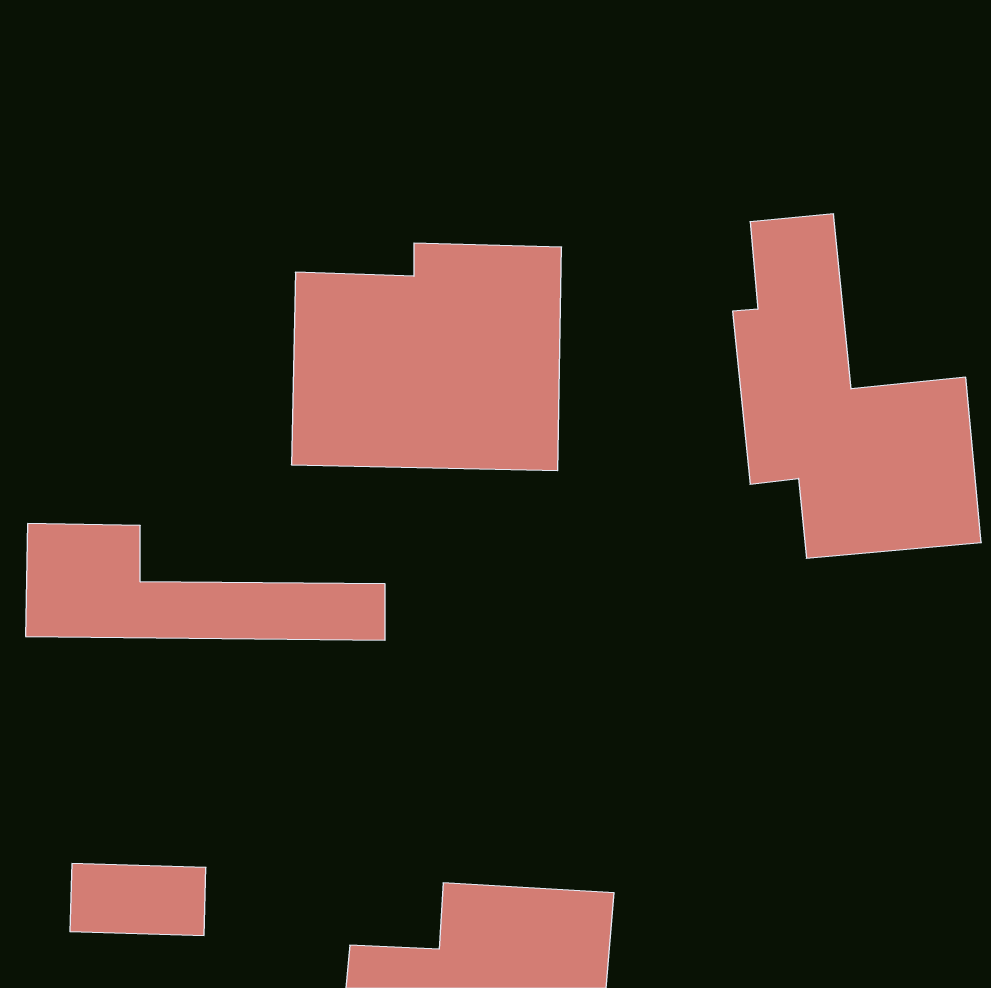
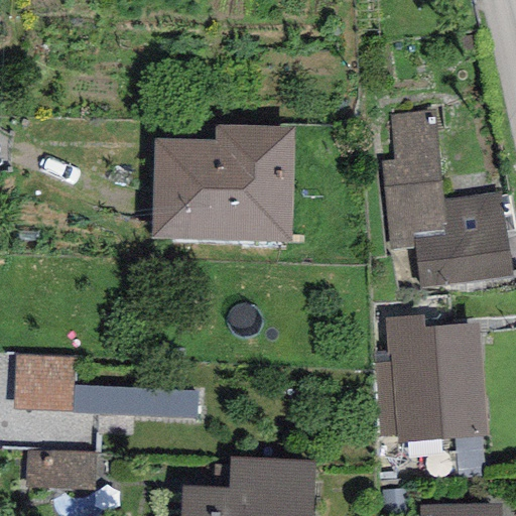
building: [26,524,385,640] -> [26,351,213,411]
building: none -> [373,314,487,444]

